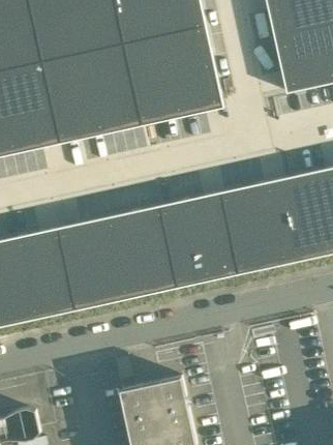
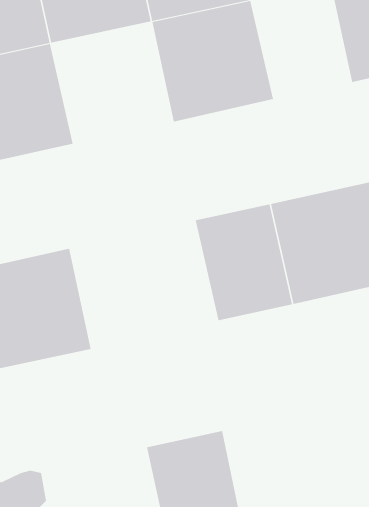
building: [42,43,142,143] -> none
building: [58,205,178,309] -> none

